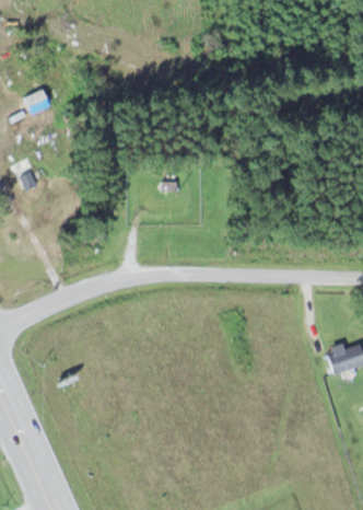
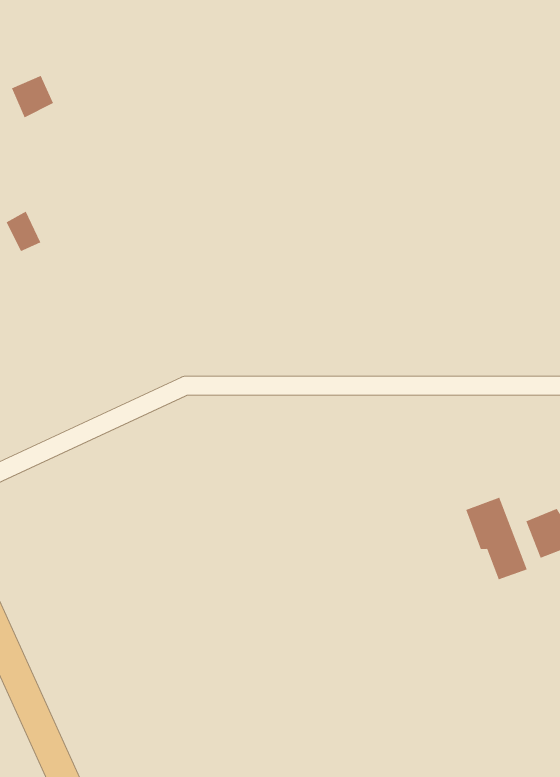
building: none -> [466,497,528,580]

